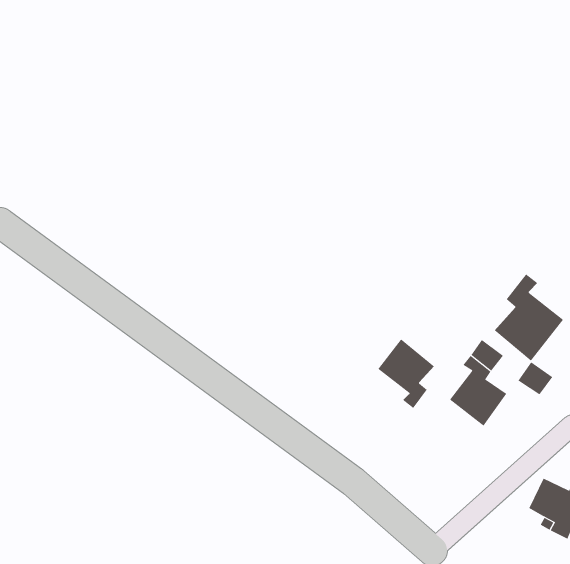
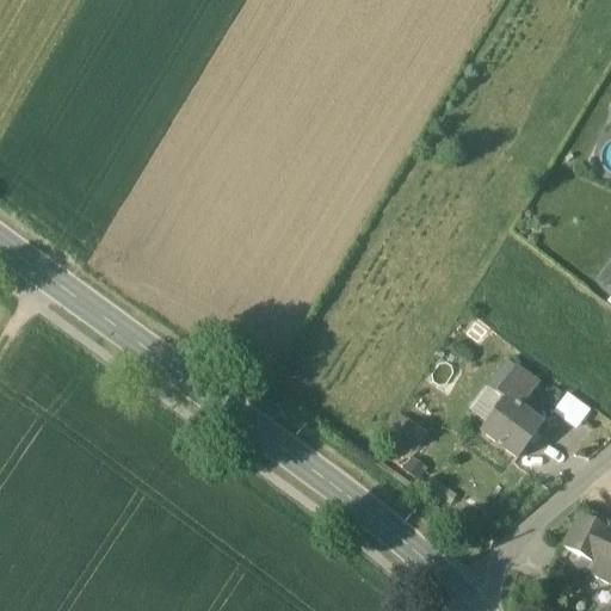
building: [494,273,564,361] -> none
building: [377,339,435,409] -> none

